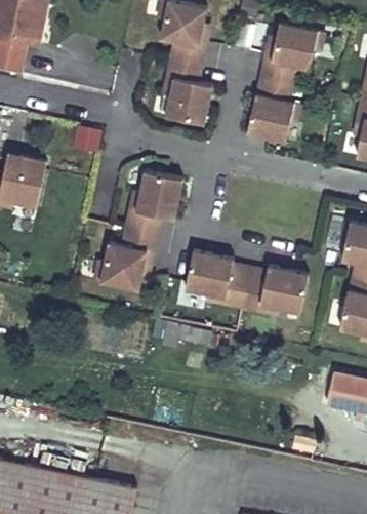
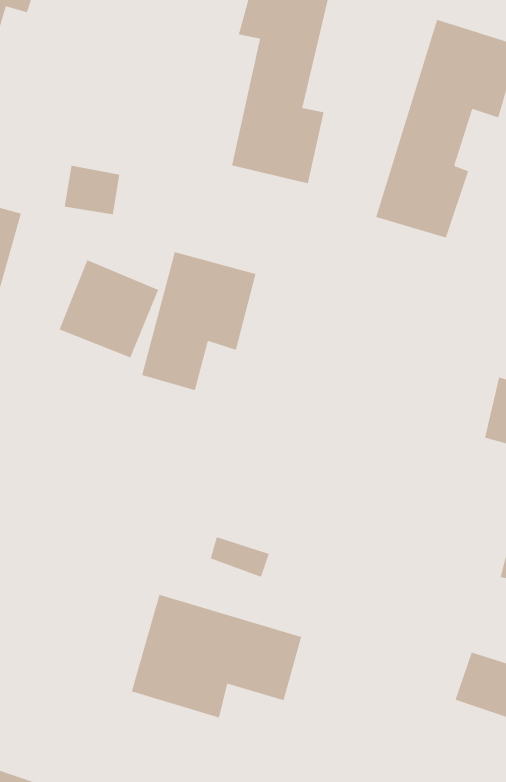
building: [96,238,151,291] -> [59,259,159,358]
building: [185,247,310,321] -> none
building: none -> [131,594,302,719]

